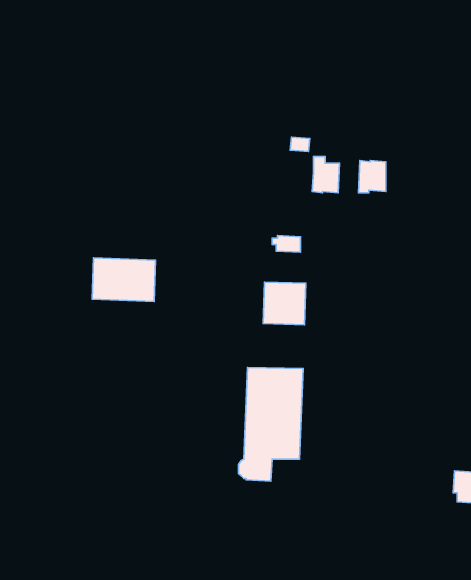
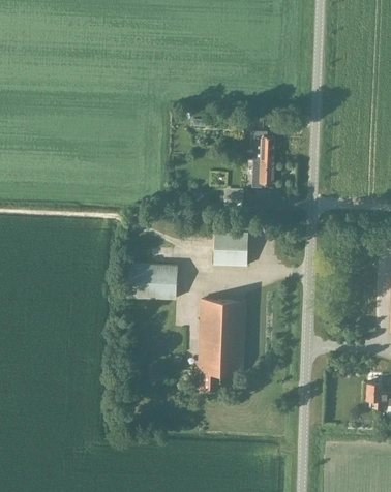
building: [359,161,386,193] -> [251,160,273,186]
building: [92,258,155,302] -> [126,265,177,300]

